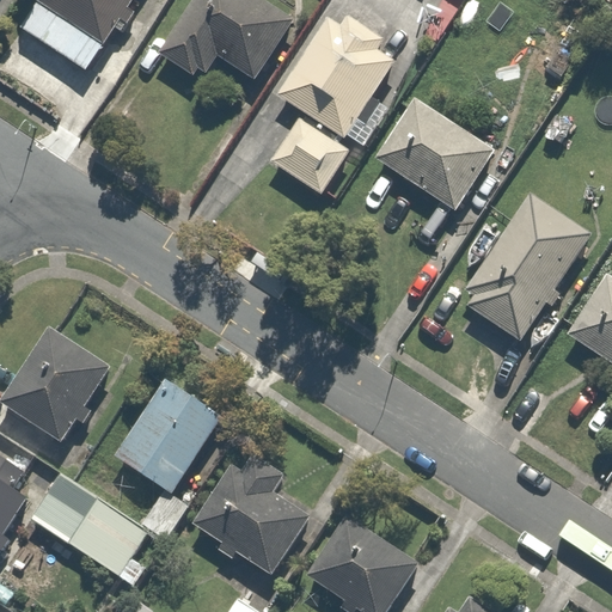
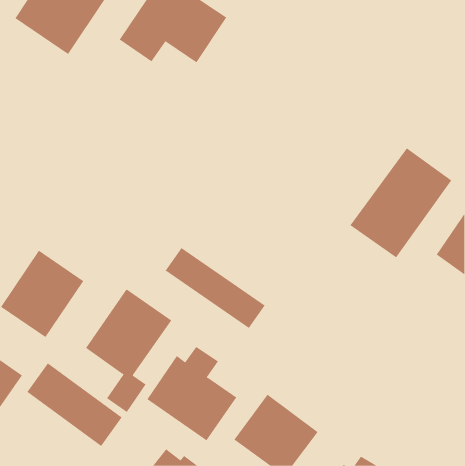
building: [269,14,396,202] -> none
building: [373,96,491,207] -> none
building: none -> [165,247,266,329]

